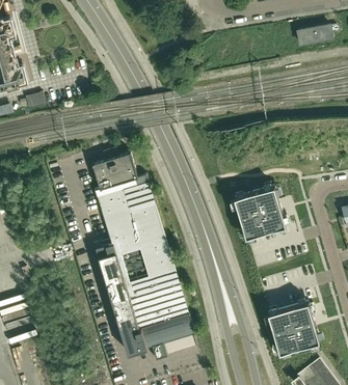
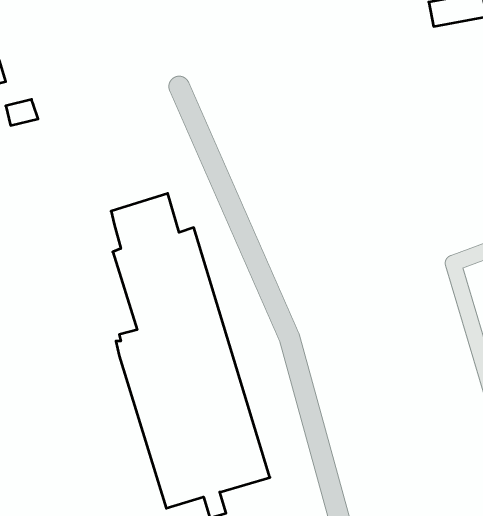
building: [234,185,286,237] -> none
building: [267,301,319,352] -> none

